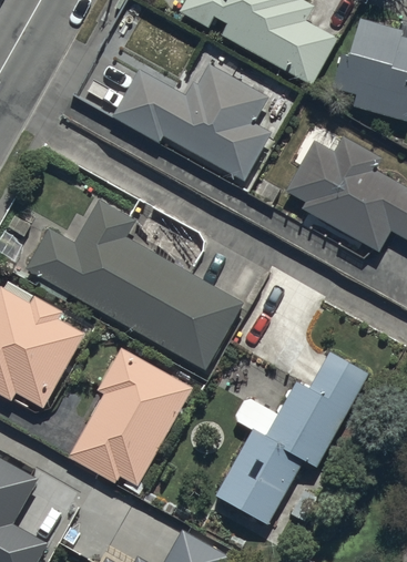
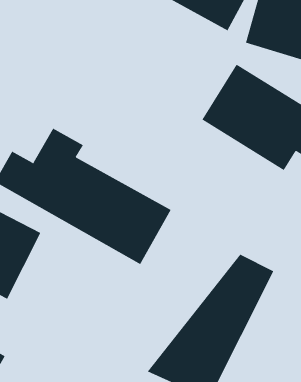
building: [114,61,274,184] -> none
building: [64,349,196,493] -> none

